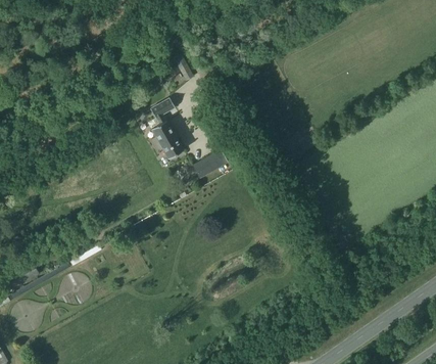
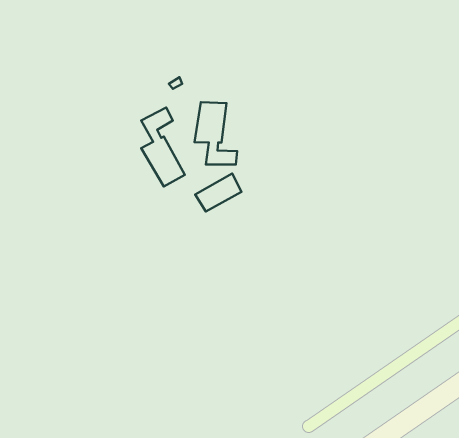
building: none -> [194,102,237,165]

